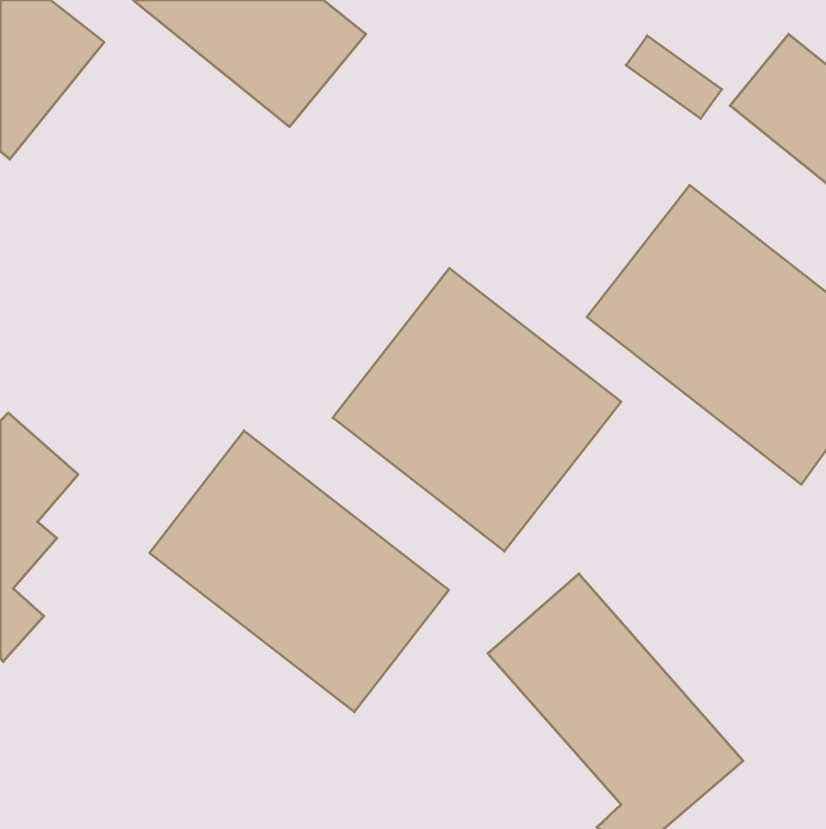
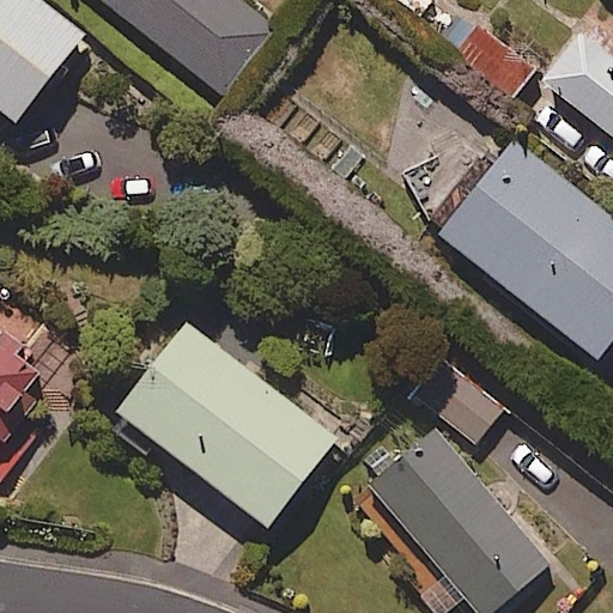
building: [333,268,621,551] -> none

